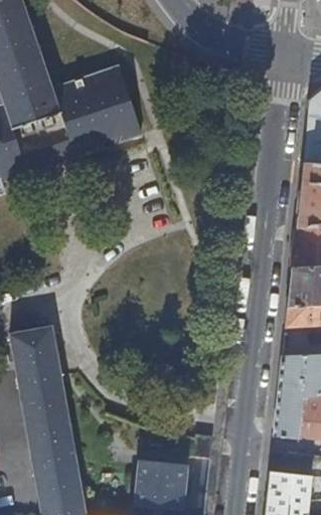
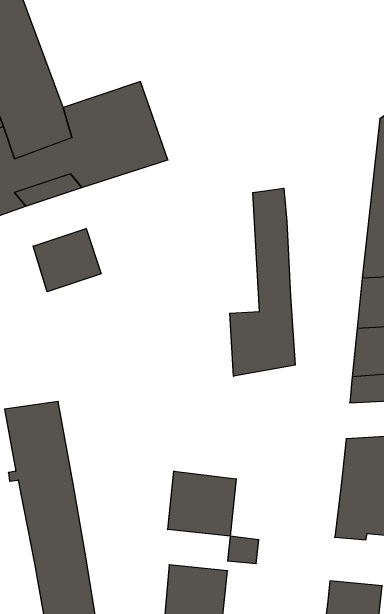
building: none -> [230,188,295,376]
building: none -> [33,228,101,292]
building: none -> [168,471,236,536]

